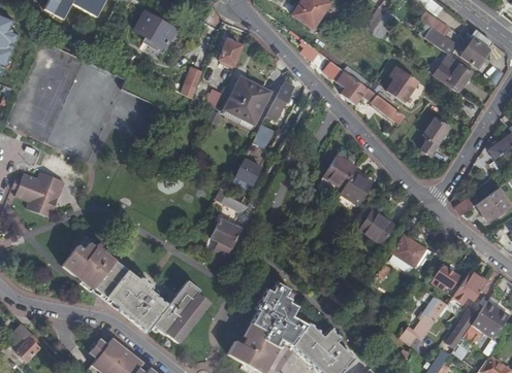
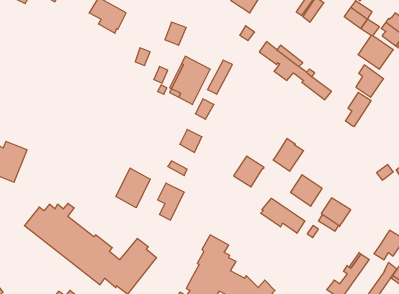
building: [387,66,418,102] -> [356,65,384,97]
building: [323,155,357,189] -> [234,156,264,187]
building: none -> [116,168,150,208]
building: none -> [261,198,305,233]
building: [431,265,460,296] -> none

